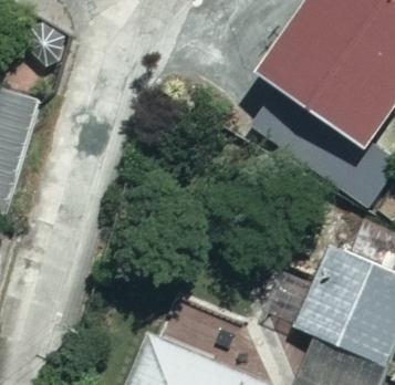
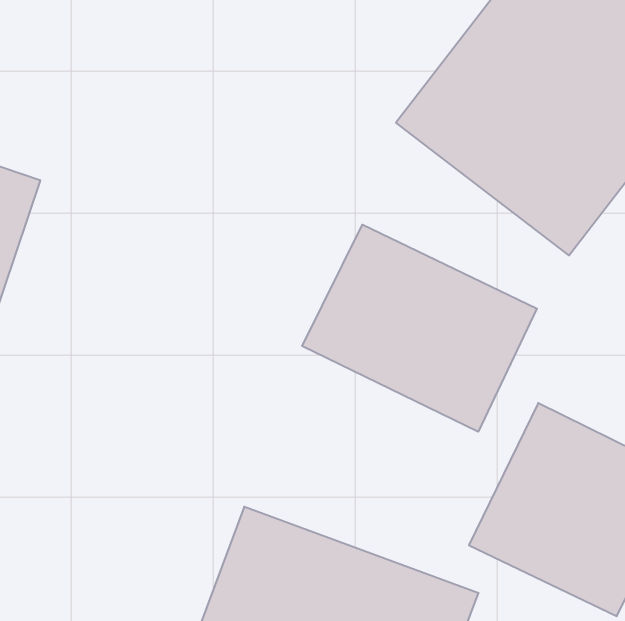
building: none -> [302,225,537,432]

